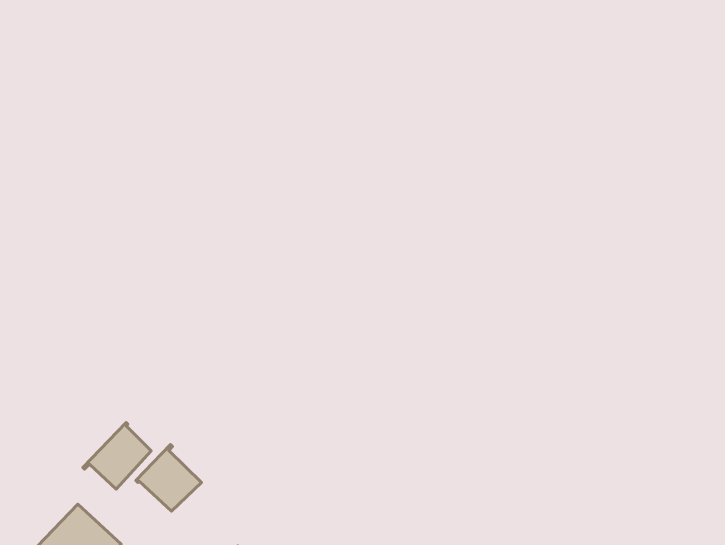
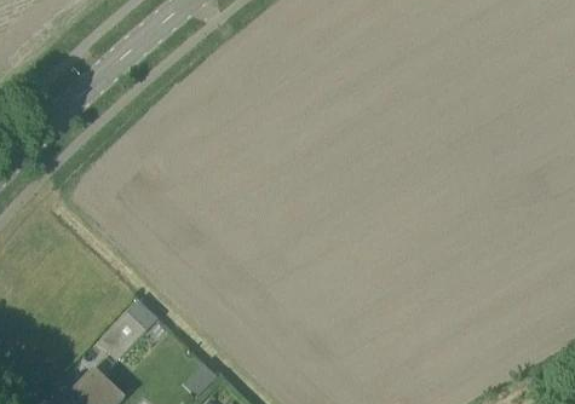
building: [136,444,201,511] -> none

